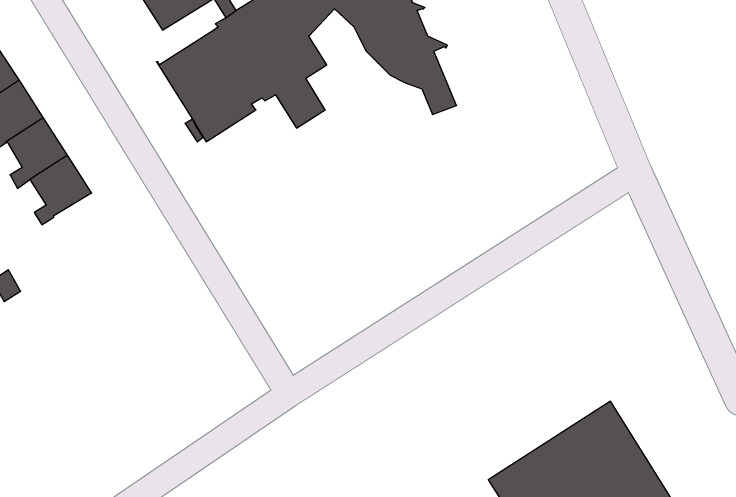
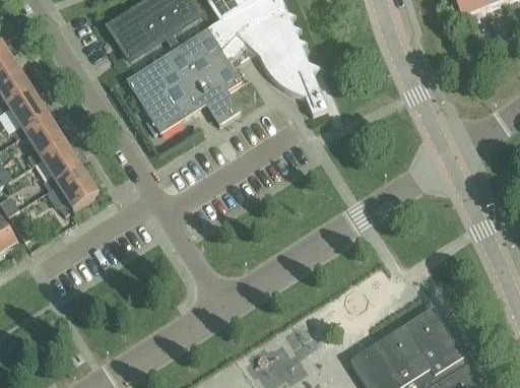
building: none -> [57,167,99,213]

